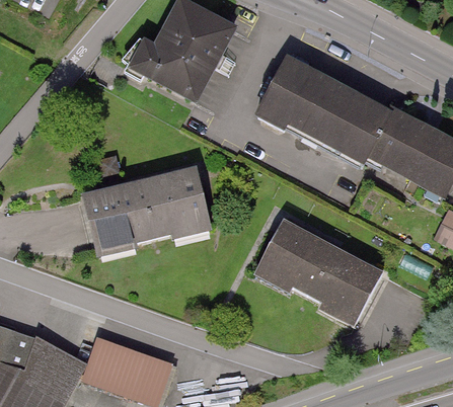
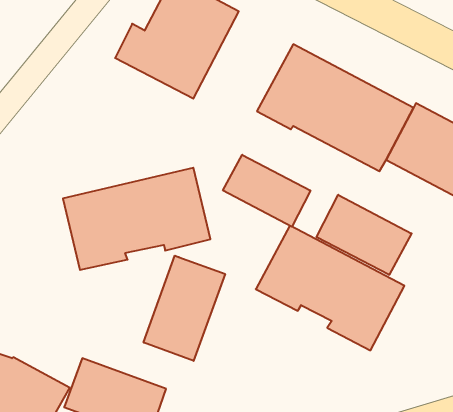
building: none -> [223,155,310,227]
building: none -> [316,195,412,275]
building: none -> [144,256,225,361]

